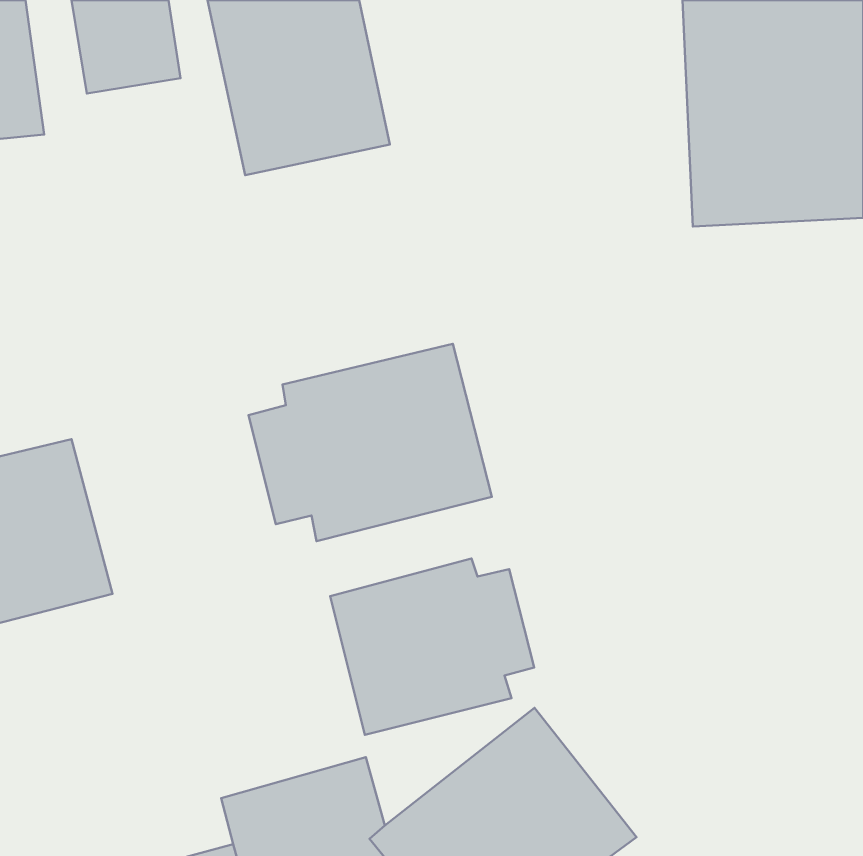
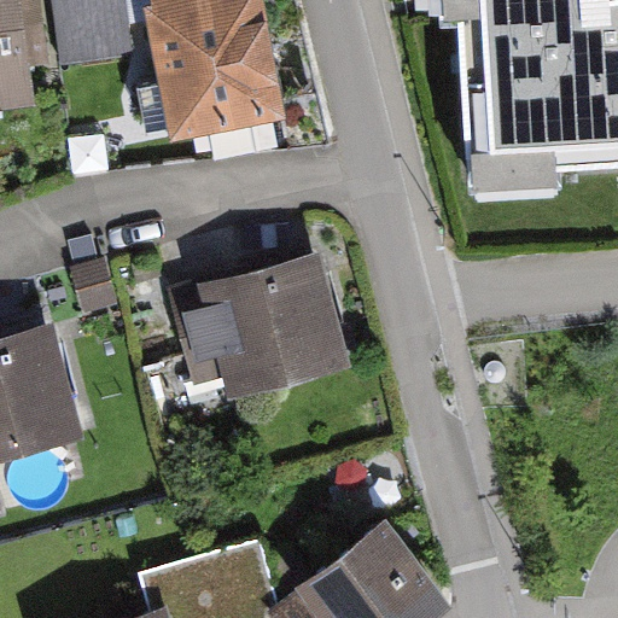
building: [330,559,534,735] -> none

